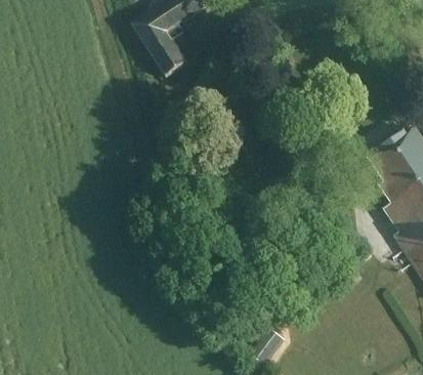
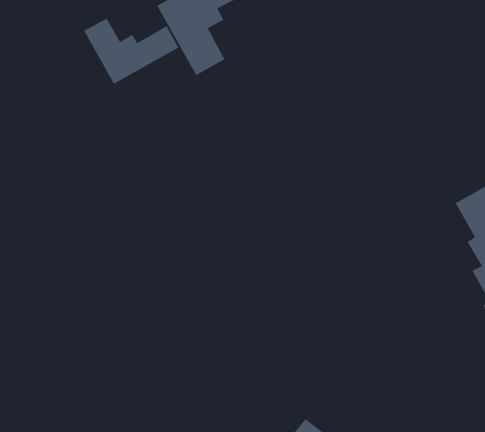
building: none -> [83,18,179,85]

